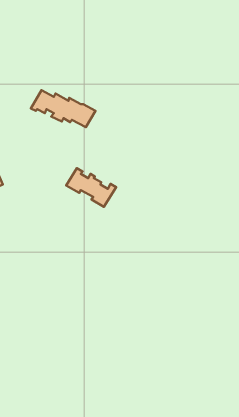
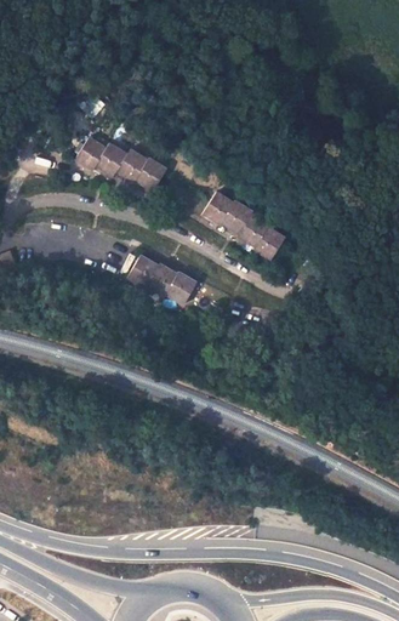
building: none -> [200,190,286,263]

